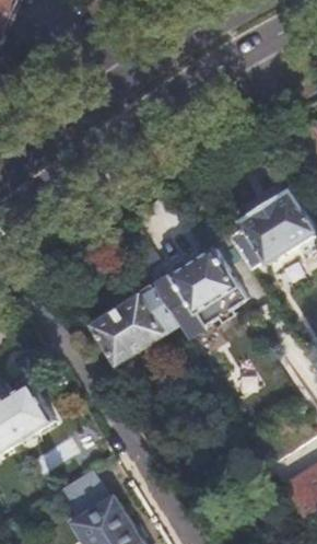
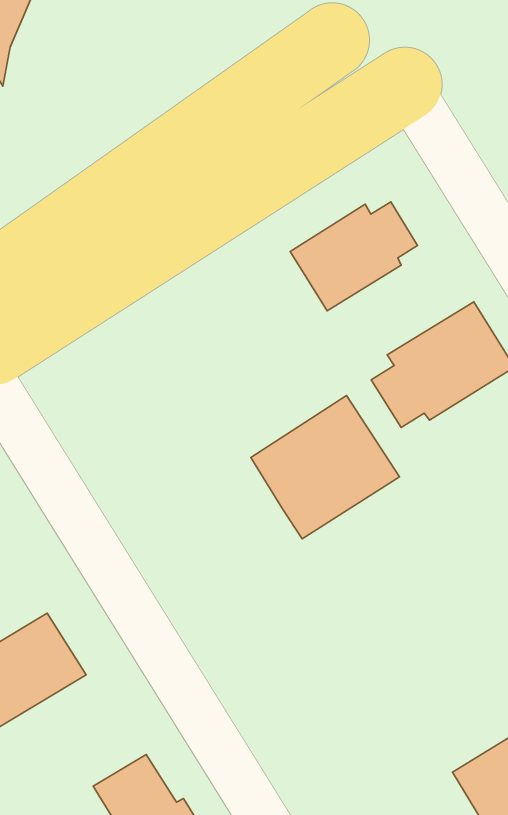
building: none -> [290,202,418,311]
building: [92,286,176,364] -> none

